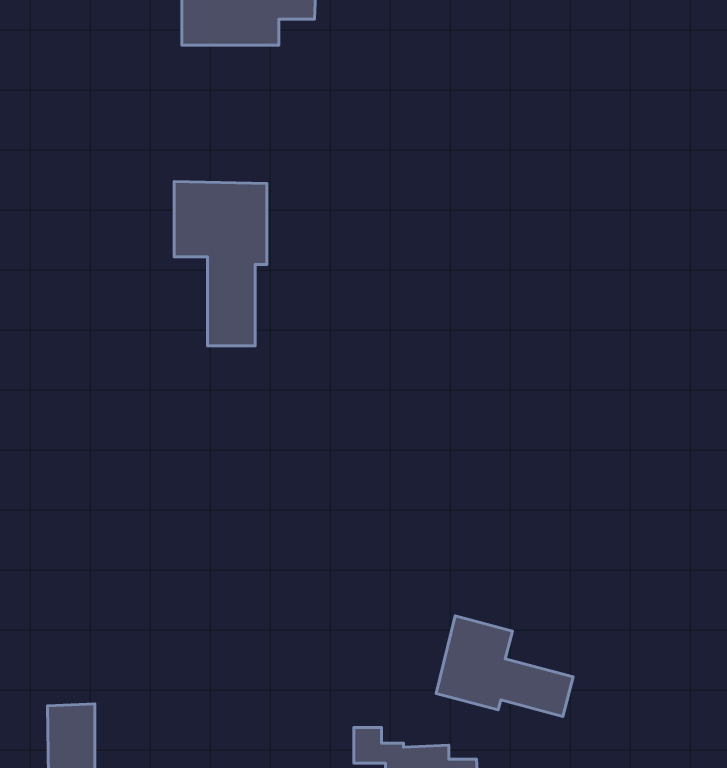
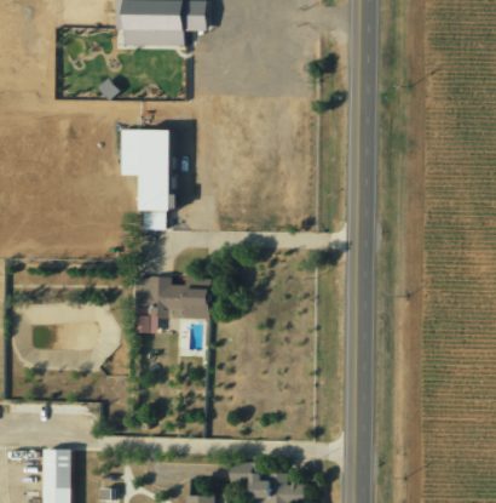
building: none -> [134,276,208,332]
building: [436,616,573,716] -> none

